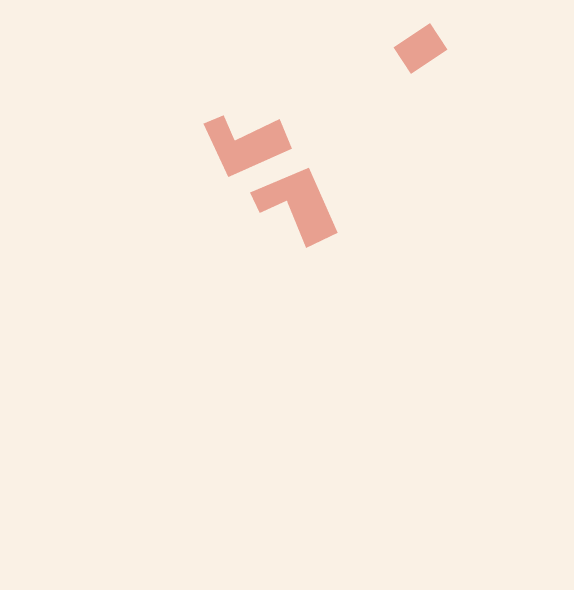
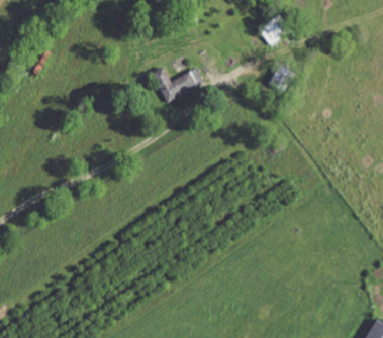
building: [249,167,339,249] -> none

